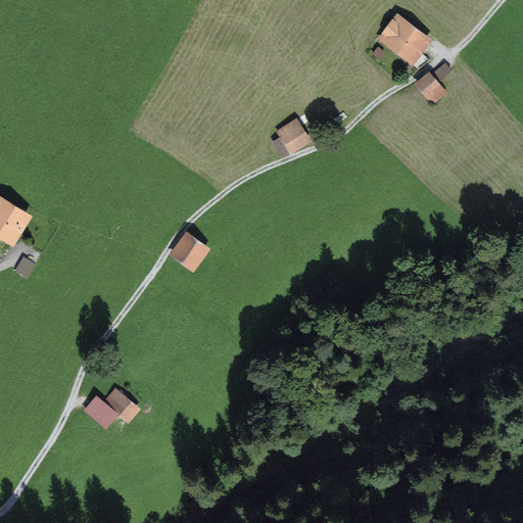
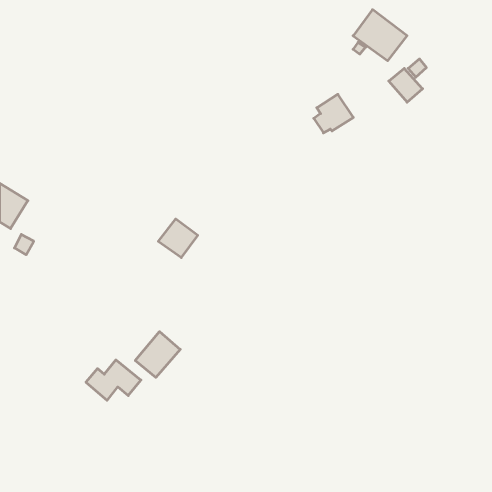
building: [271,117,313,158] -> [314,94,353,133]
building: none -> [135,332,180,377]

